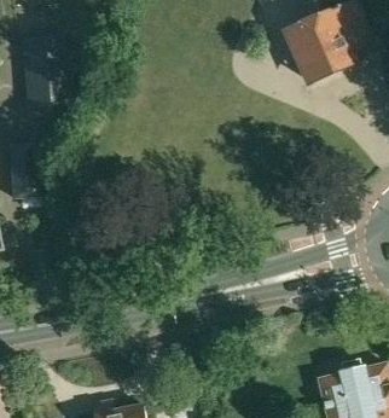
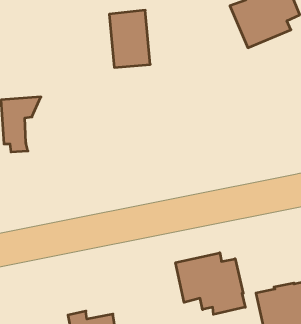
building: [23,35,72,104] -> [109,10,150,67]
building: none -> [176,253,245,314]

